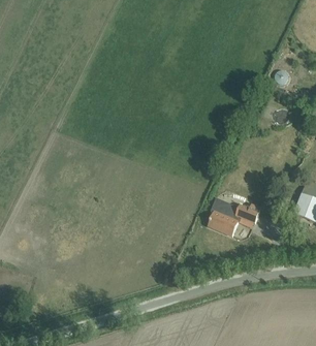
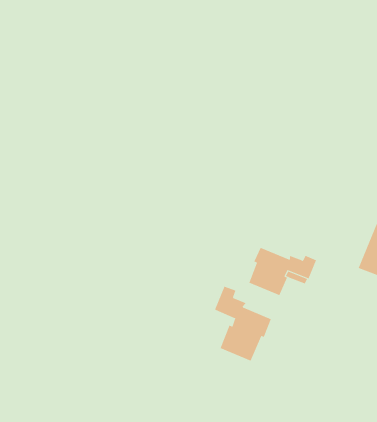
building: none -> [214,286,272,362]

